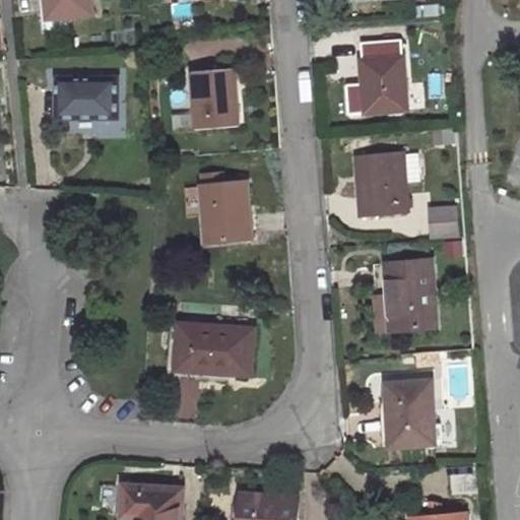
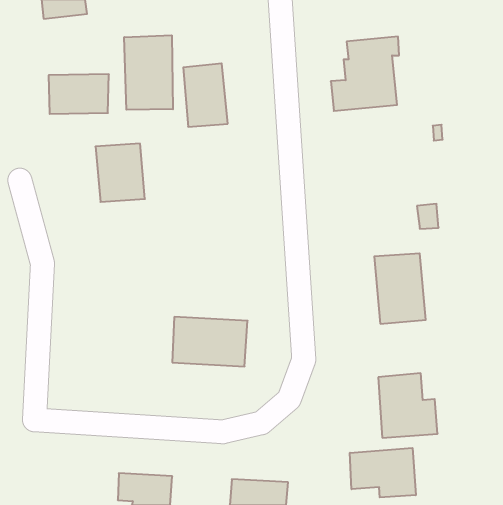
building: none -> [124,35,173,110]
building: [354,153,418,219] -> none
building: [202,184,253,244] -> [95,144,145,202]
building: none -> [350,448,416,497]

